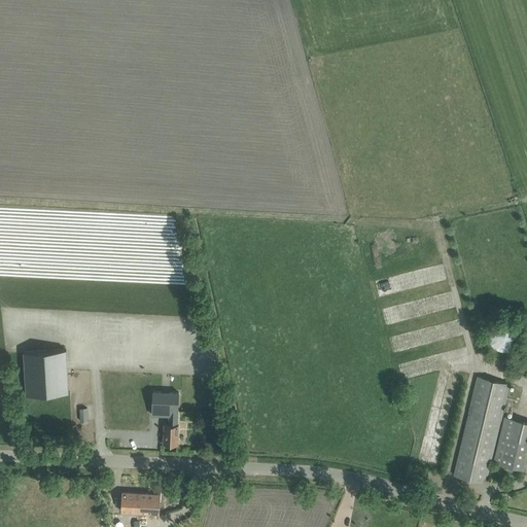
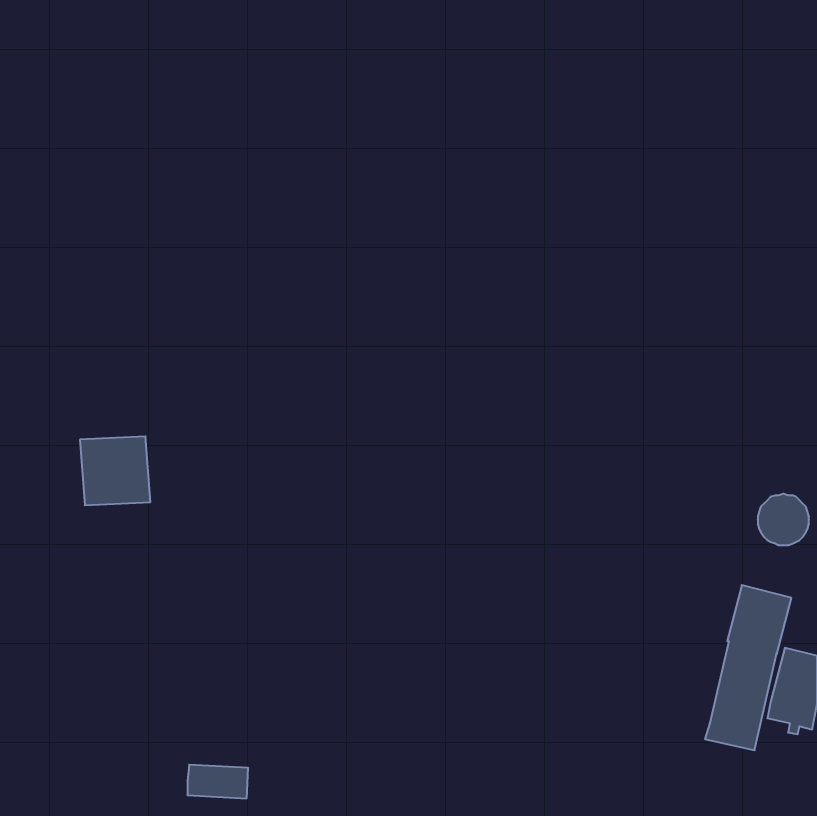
building: [23,351,68,395] -> [80,436,150,505]
building: [151,393,178,446] -> none

